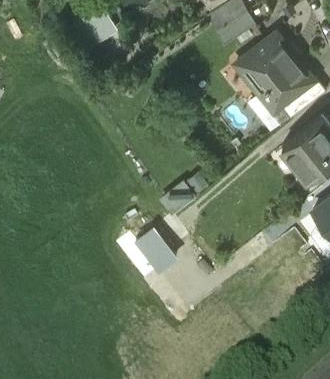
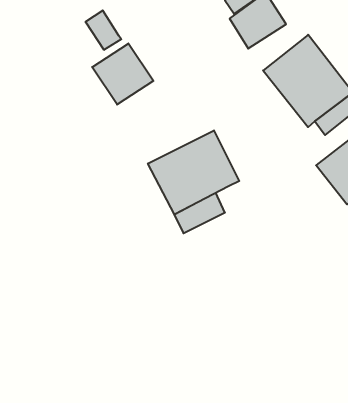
building: none -> [92,43,153,105]
building: none -> [148,130,239,214]
building: [128,223,172,269] -> none

